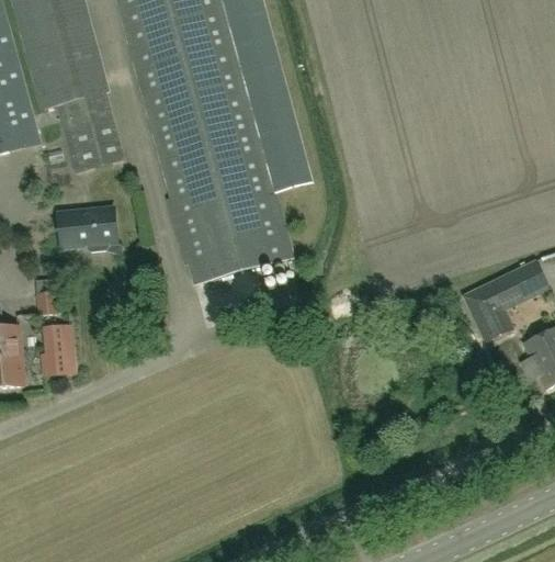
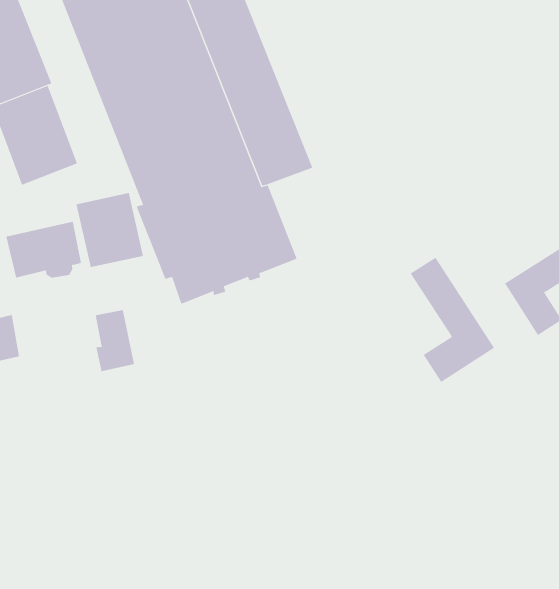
building: none -> [76,192,144,268]
building: none -> [410,257,495,383]
building: [43,325,73,374] -> [95,309,135,372]

